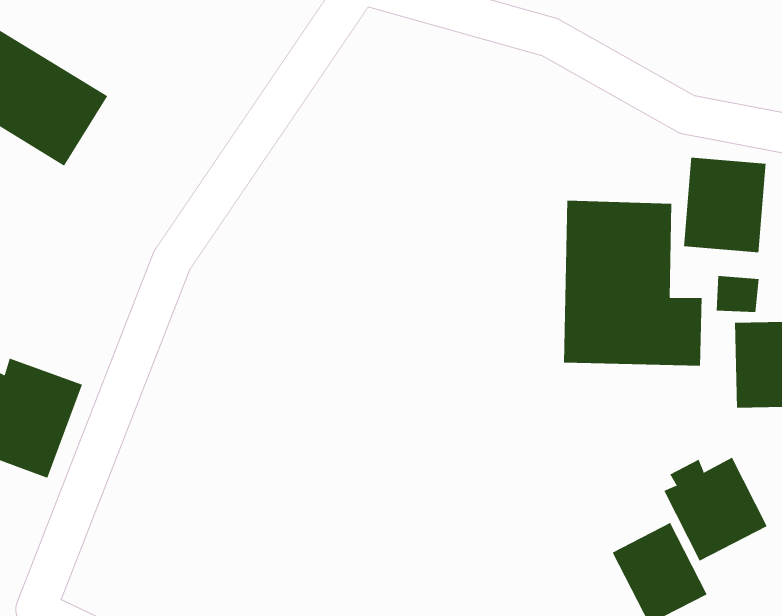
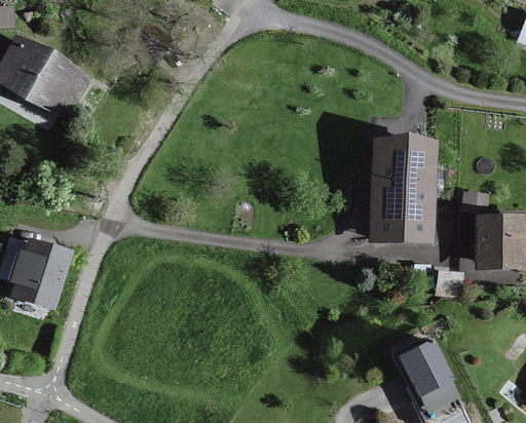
building: [684,157,766,253] -> none
building: [663,457,768,562] -> none

